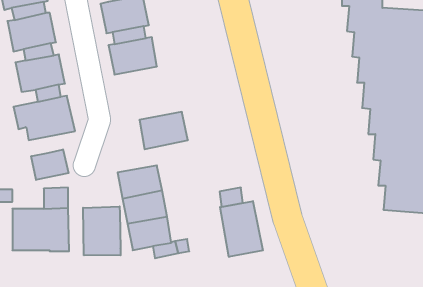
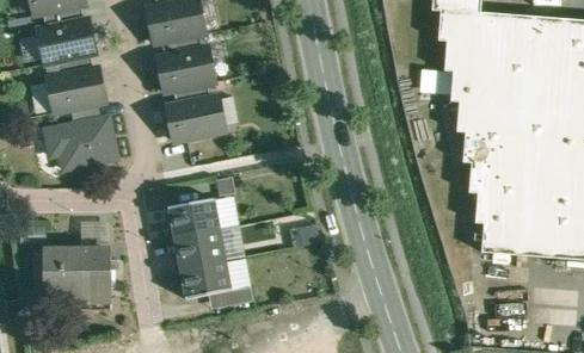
building: [139,112,188,149] -> [166,97,223,141]
building: [31,149,69,180] -> none
building: [220,201,263,257] -> none
building: [83,206,121,255] -> none

